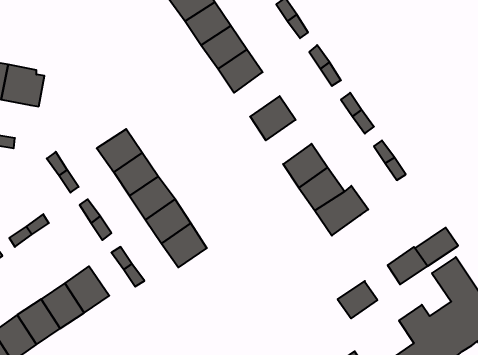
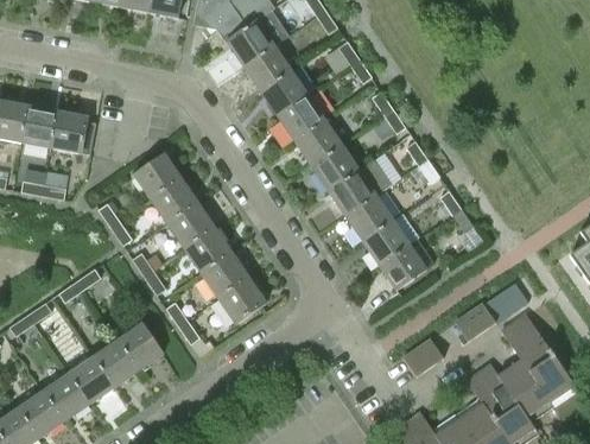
building: none -> [293,119,341,165]
building: none -> [133,153,180,198]
building: none -> [326,158,391,215]

